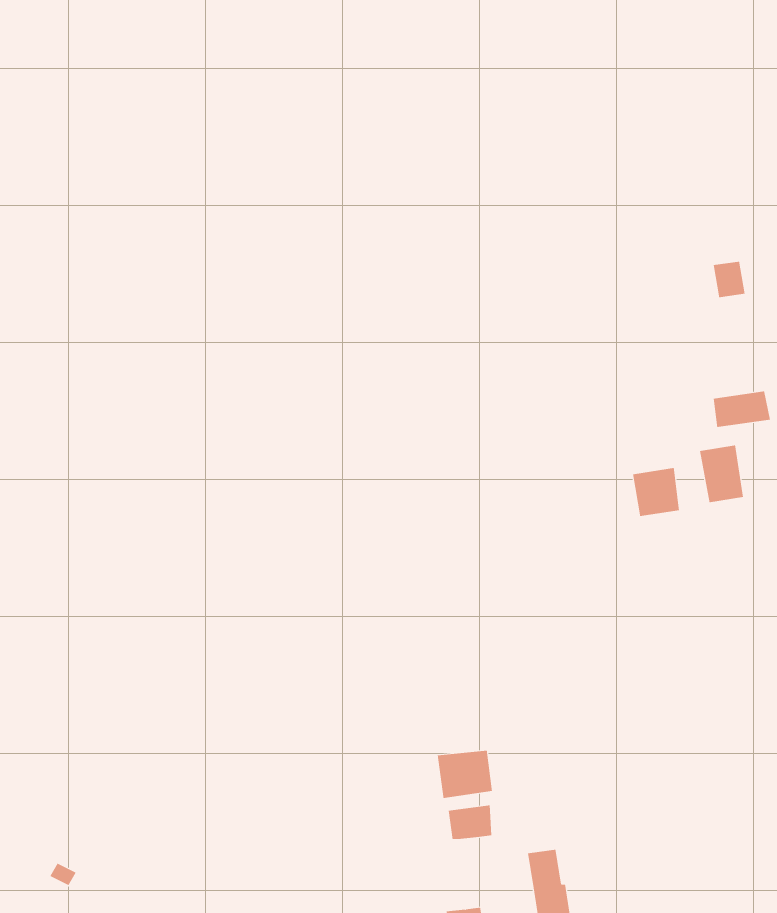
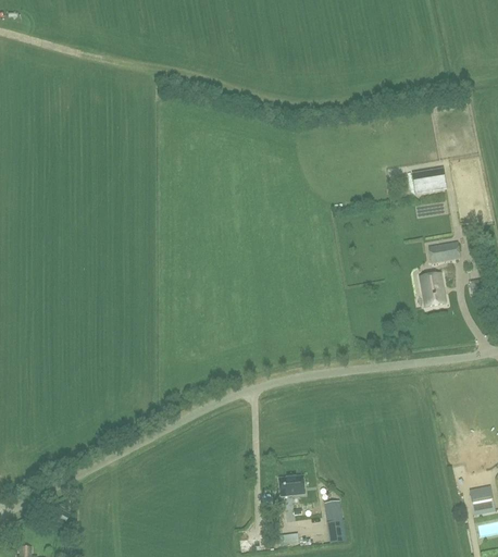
building: [633,467,680,517] -> none
building: [437,750,492,799] -> none

